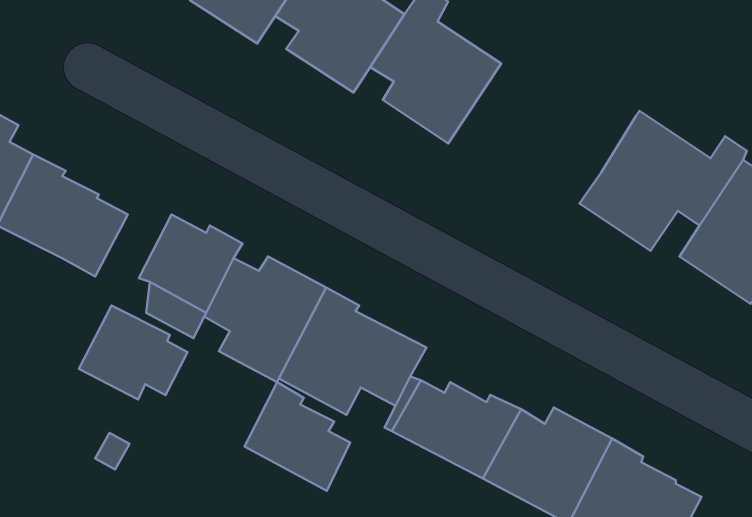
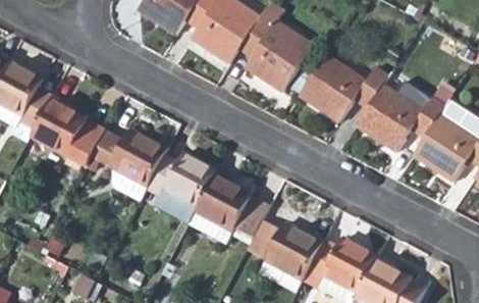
building: none -> [300,54,388,121]
building: [79,305,187,399] -> none
building: [244,382,350,491] -> none

